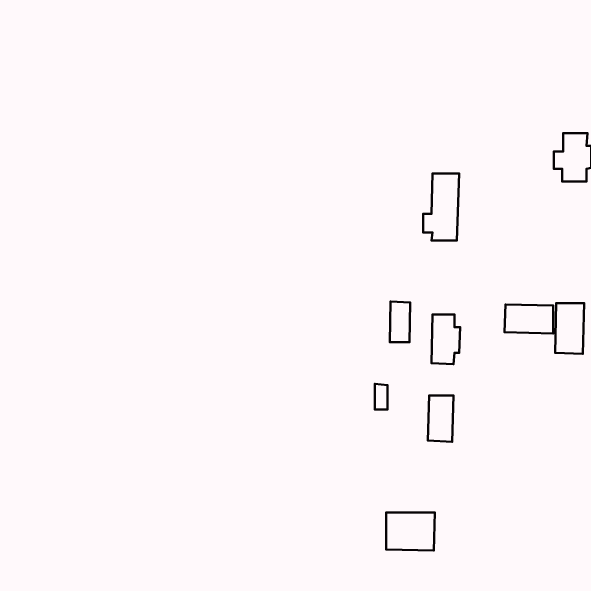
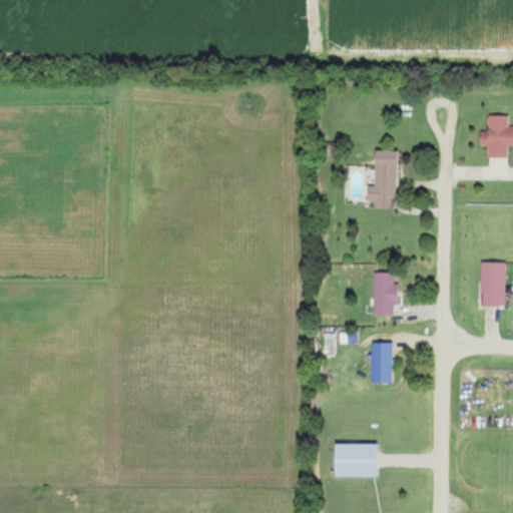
building: [390,301,410,342] -> none
building: [504,305,553,333] -> none

